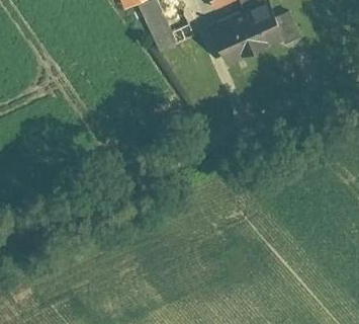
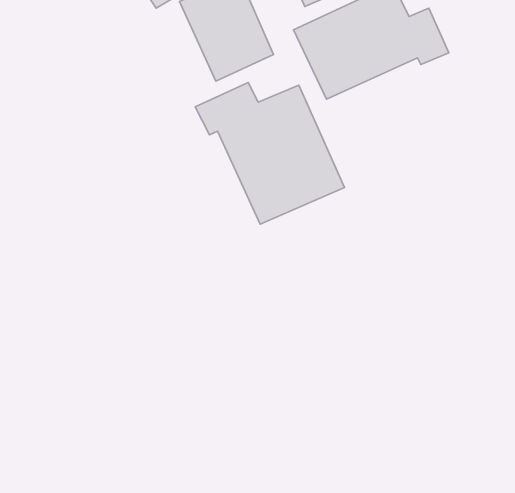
building: none -> [195,82,344,224]

